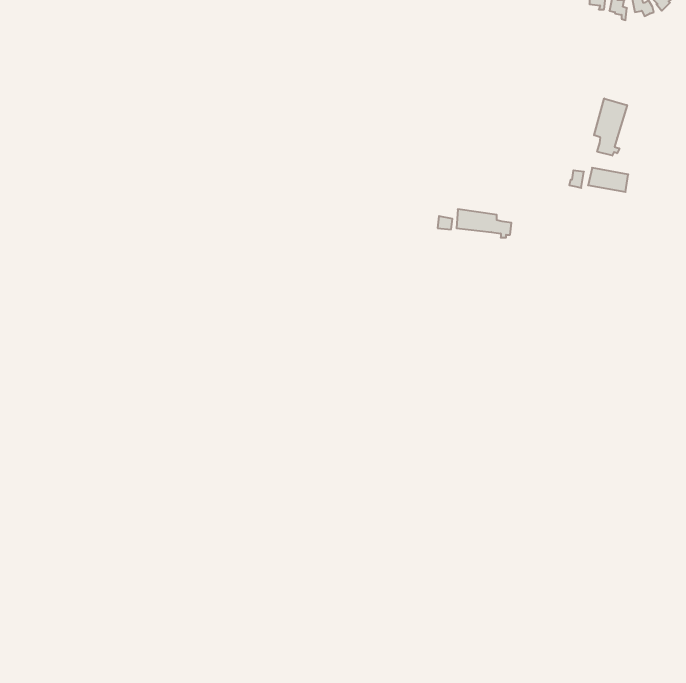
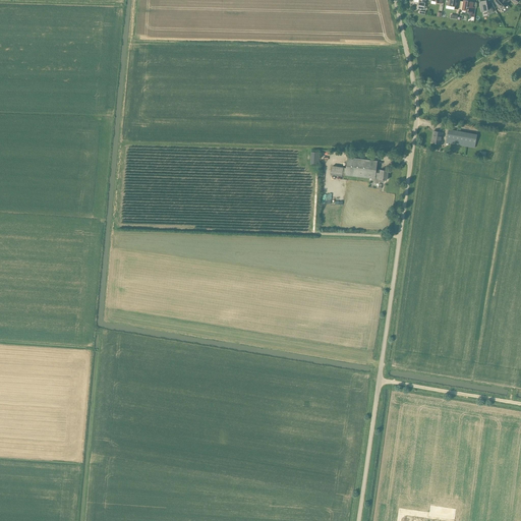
building: [594,98,627,156] -> none

